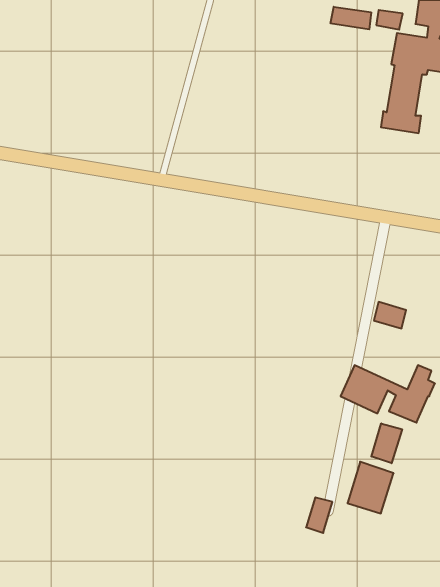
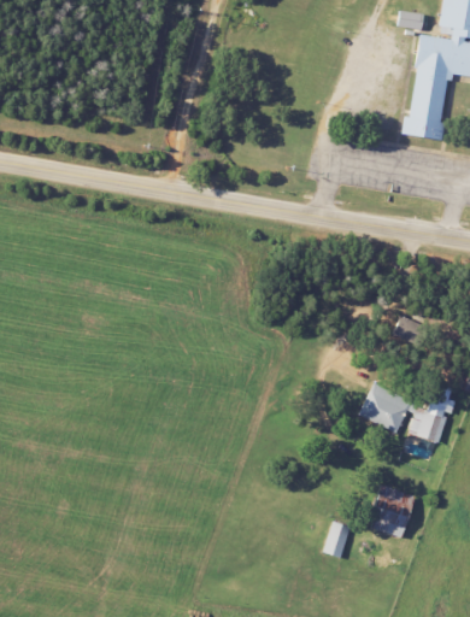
building: [331,7,371,29] -> none
building: [371,423,402,463] -> none

